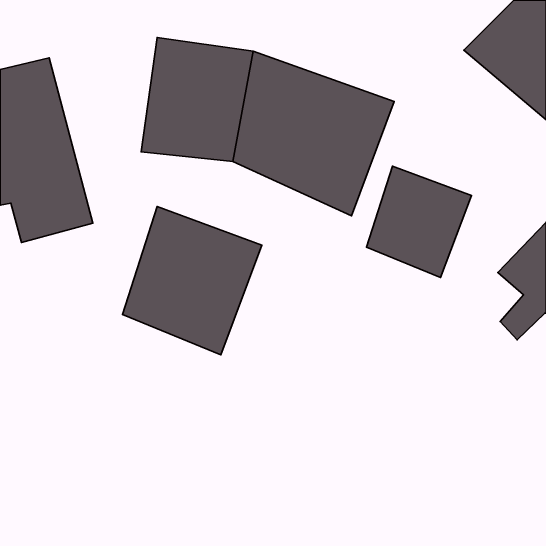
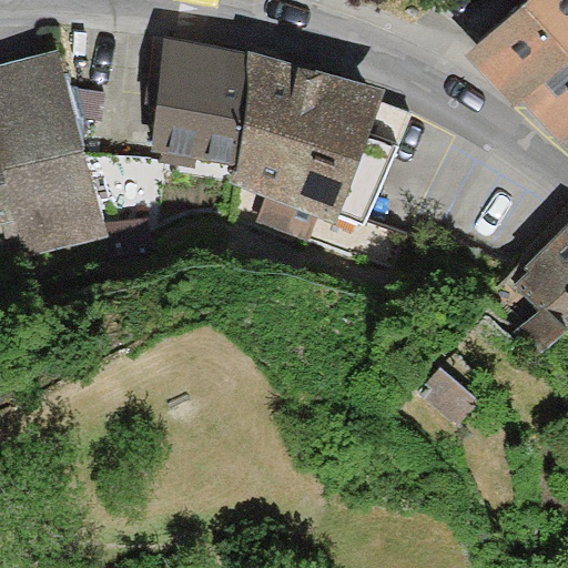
building: [367,166,471,278] -> none
building: [123,206,262,355] -> none

